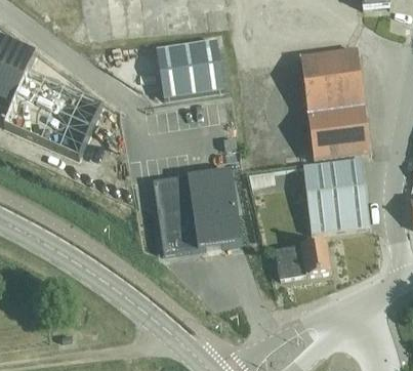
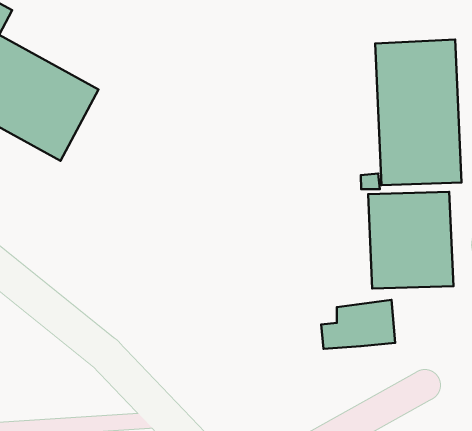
building: [156,39,224,97] -> none
building: [153,168,242,253] -> none

